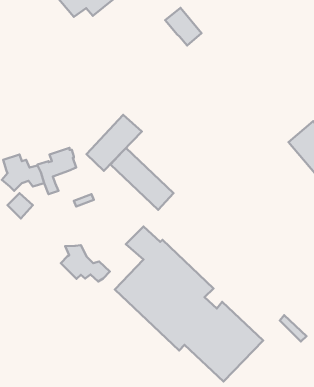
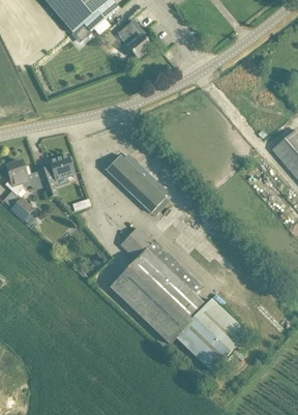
building: [165,8,202,45] -> [116,21,150,56]
building: [86,115,142,171] -> none
building: [61,245,110,282] -> none

